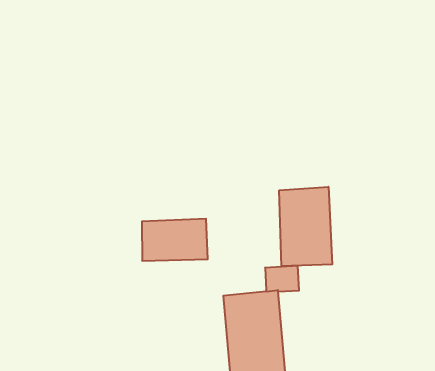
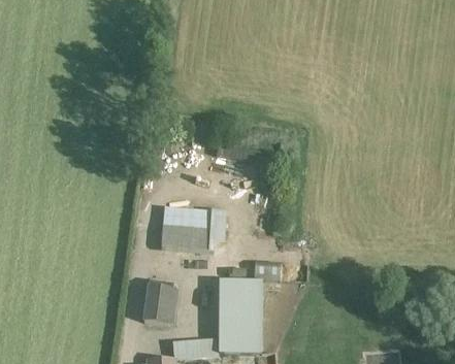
building: [279,187,332,266] -> none
building: none -> [143,280,173,325]

